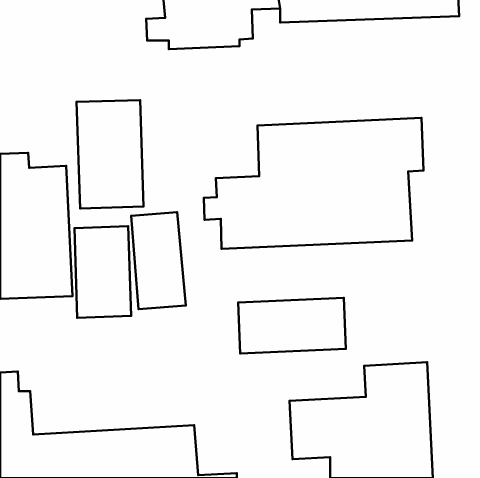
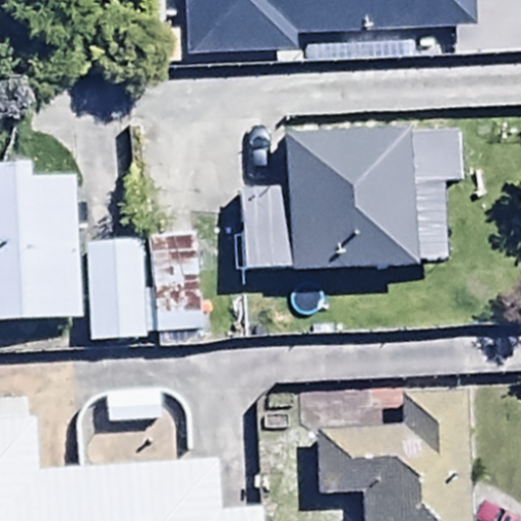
building: [77,100,143,208] -> none
building: [238,298,346,353] -> none

